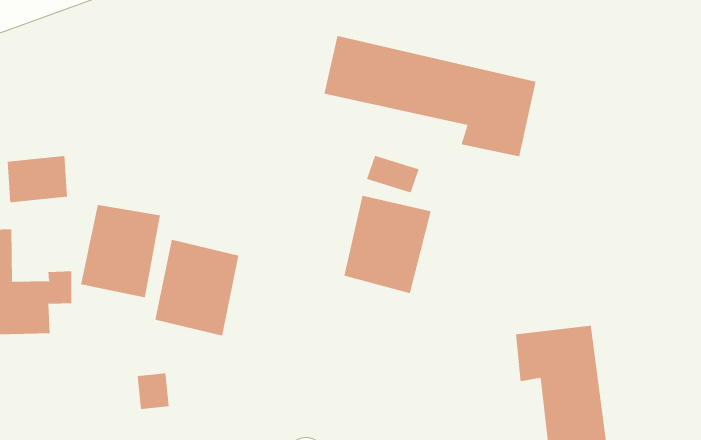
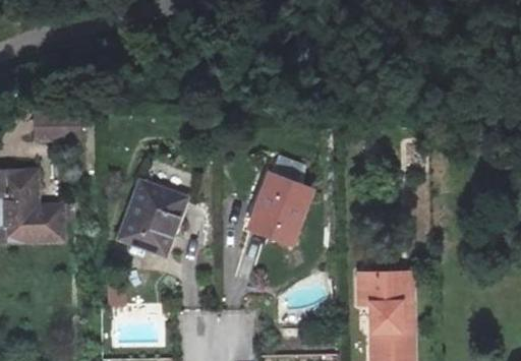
building: [324,35,536,157] -> none
building: [80,204,161,298] -> none

